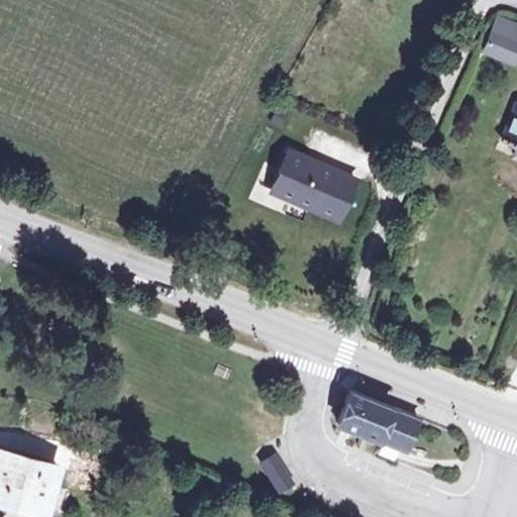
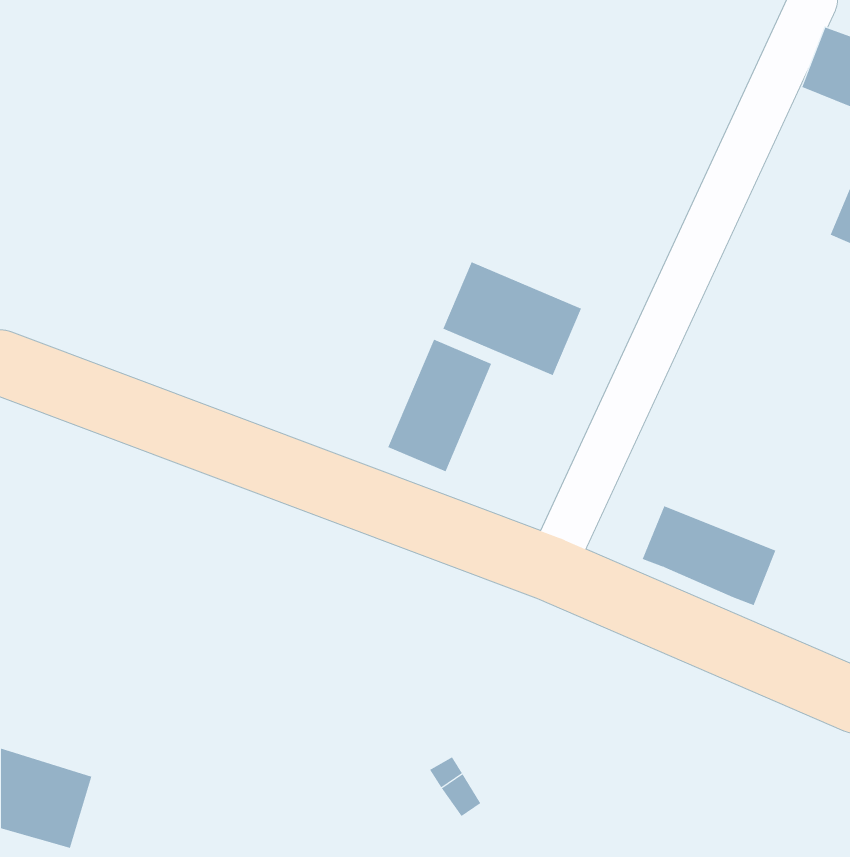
building: none -> [388,339,492,472]
building: [340,391,421,451] -> [642,505,776,606]

